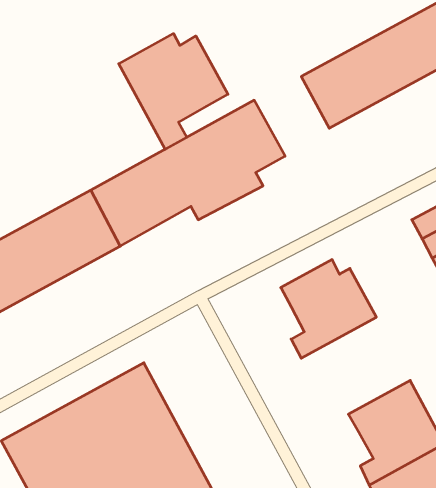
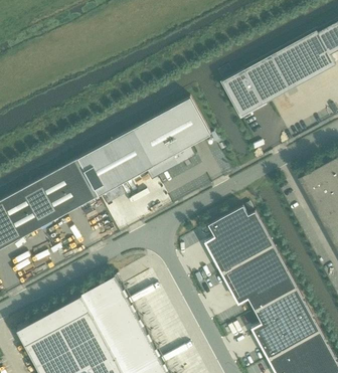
building: [119,34,228,149] -> none
building: none -> [221,245,296,312]

